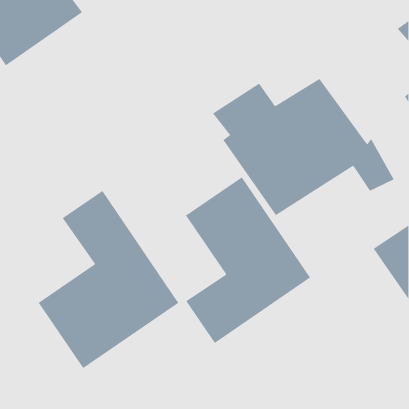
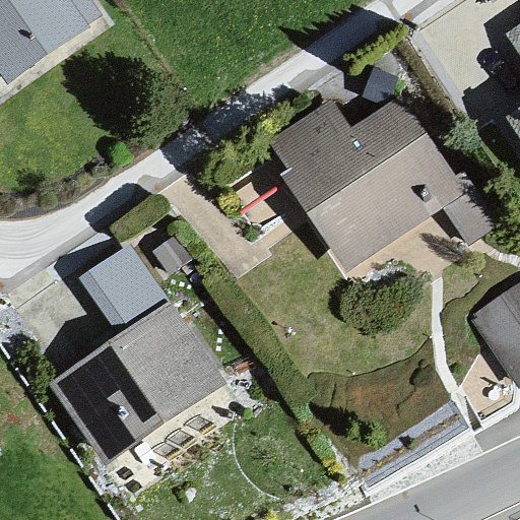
building: [185,176,311,344] -> none

